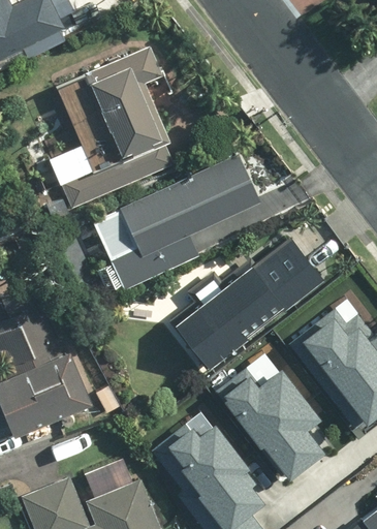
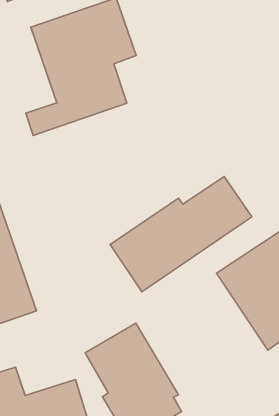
building: [90,157,255,291] -> none
building: [208,348,320,486] -> none

